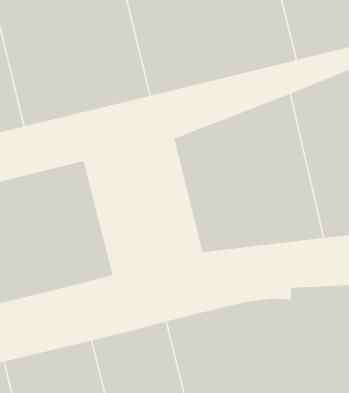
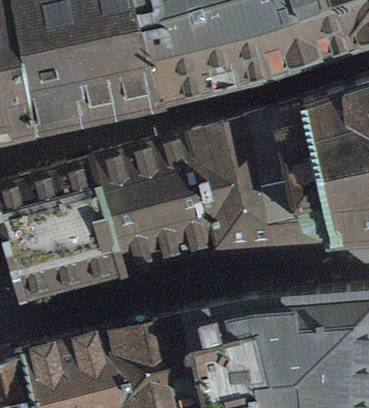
building: none -> [102,139,218,273]

